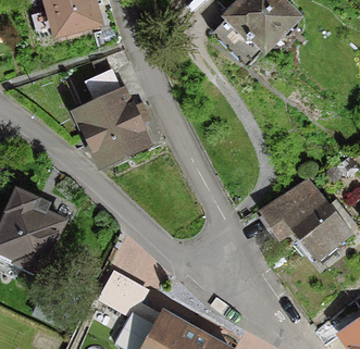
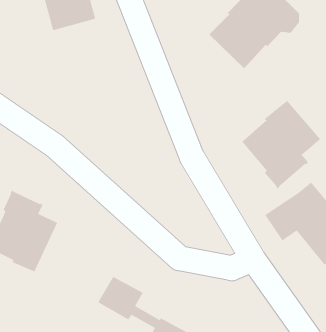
building: [76,67,146,162] -> none
building: none -> [241,100,321,190]

